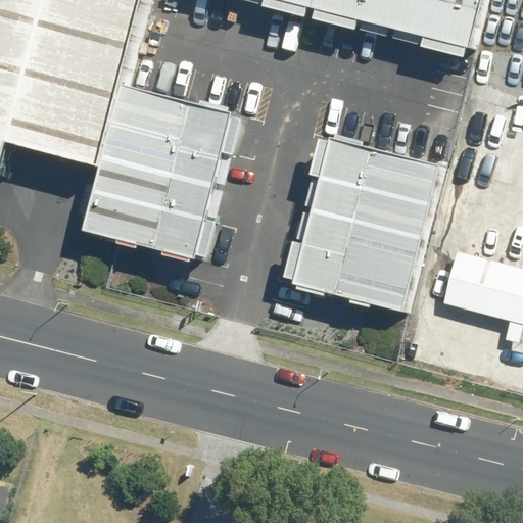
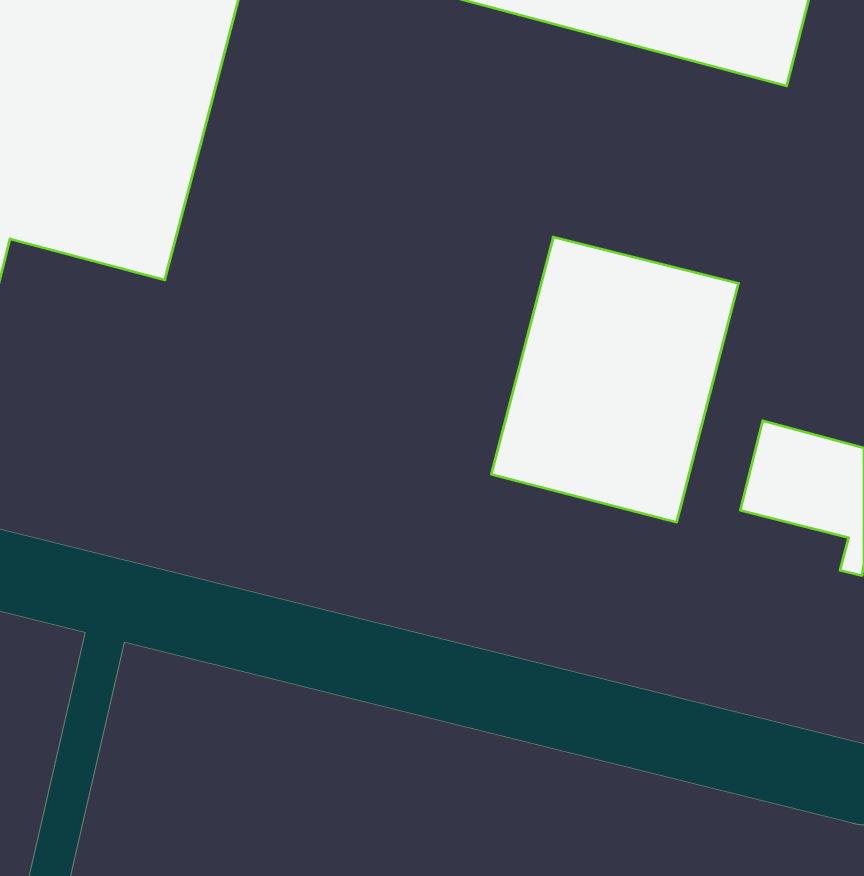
building: [82,86,232,259] -> none

